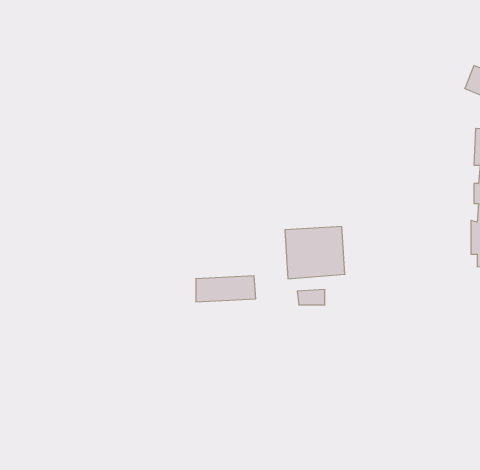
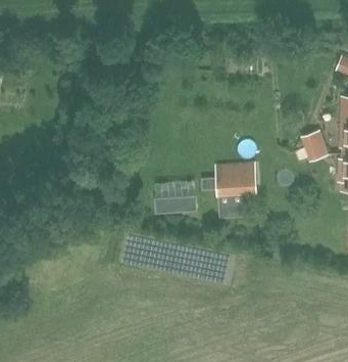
building: none -> [302,129,330,161]

